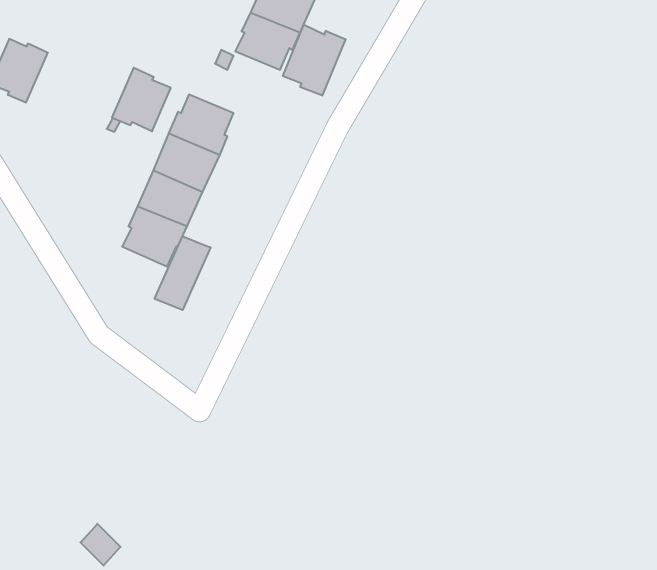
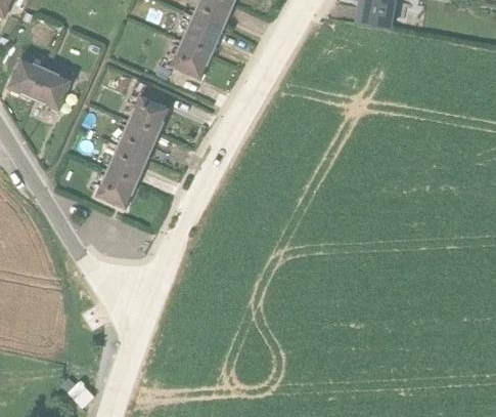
building: [283,25,346,96] -> none
building: [112,68,171,131] -> [32,67,71,109]
building: [155,236,211,310] -> none

